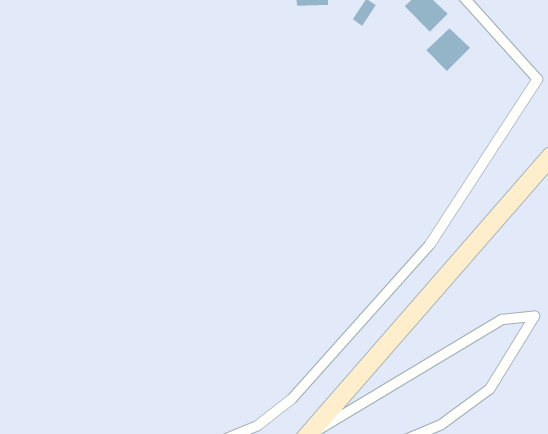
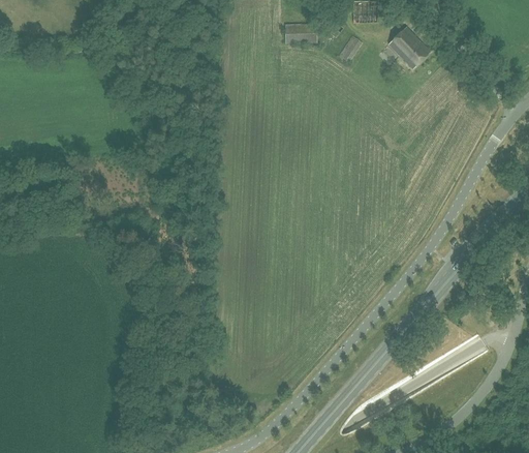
building: [425,28,471,72] -> none

